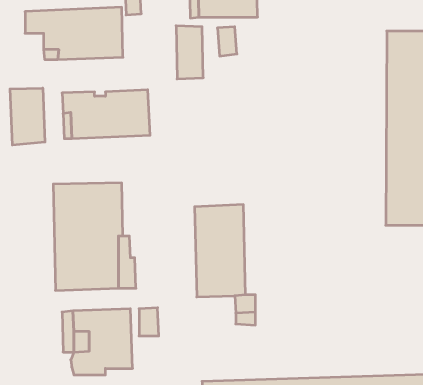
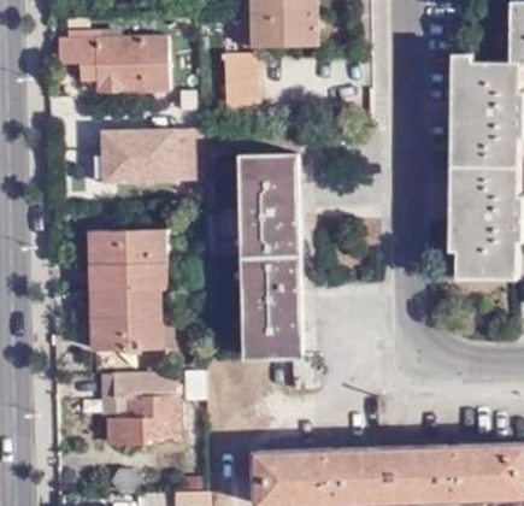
building: [10,88,45,145] -> none
building: none -> [241,155,299,257]

